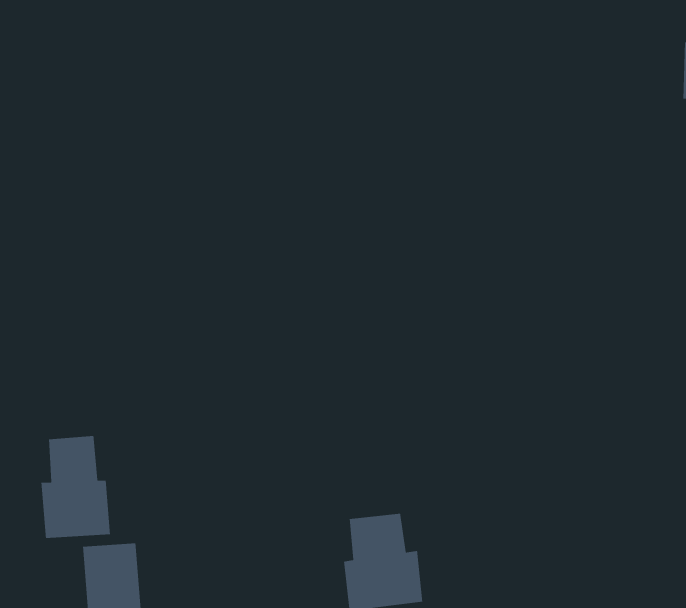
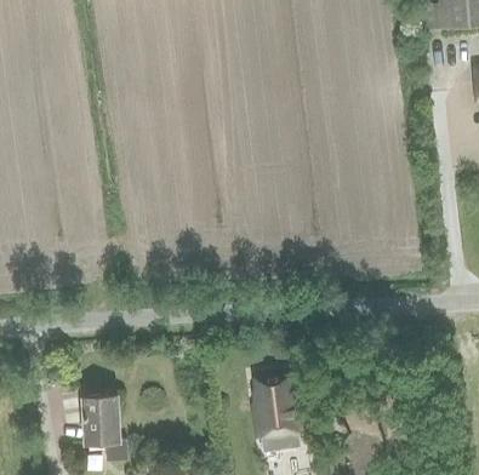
building: [40,435,111,539] -> none

